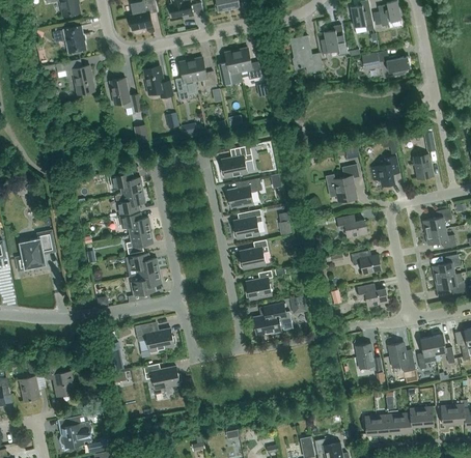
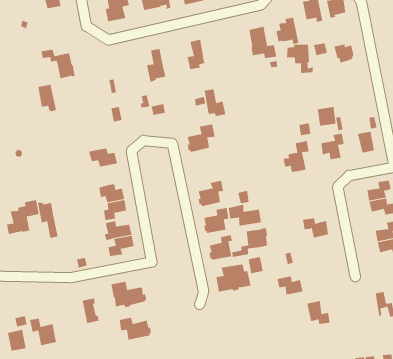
building: [52,26,85,53] -> none
building: [235,48,260,79] -> [204,89,226,116]
building: none -> [287,44,314,74]
building: [190,57,216,88] -> none
building: [144,66,172,96] -> none
building: [109,78,131,109] -> [37,84,57,112]
building: none -> [317,106,336,126]
building: [226,177,260,207] -> none
building: [114,190,144,213] -> none
building: [337,216,366,236] -> none
building: none -> [37,200,58,239]
building: none -> [228,204,262,227]
building: none -> [232,227,268,258]
building: [357,284,387,306] -> [277,276,303,295]
building: [416,336,436,369] -> none
building: [387,342,415,373] -> none

